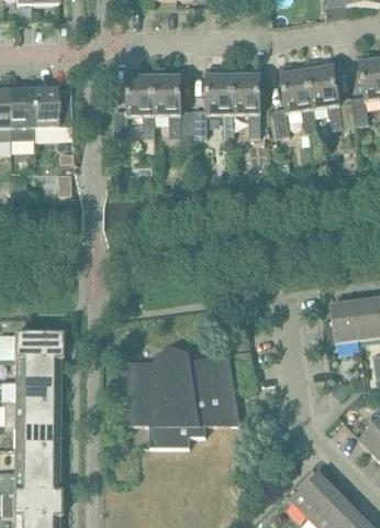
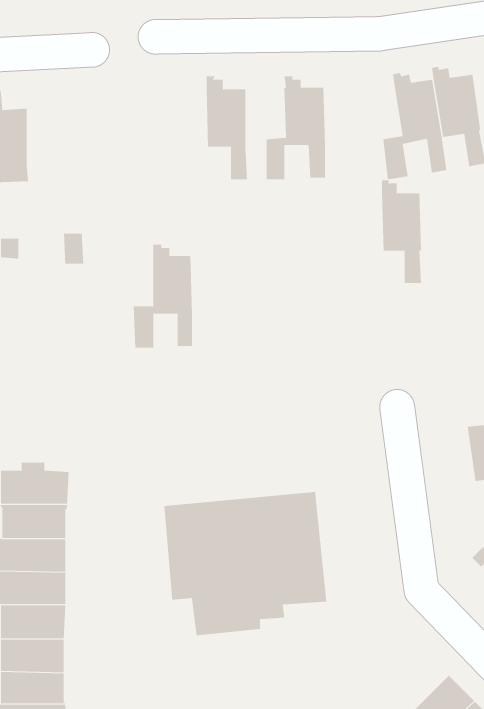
building: [233,66,260,136] -> [381,180,422,284]
building: [113,68,154,139] -> [133,244,193,348]
building: [32,89,70,128] -> none

